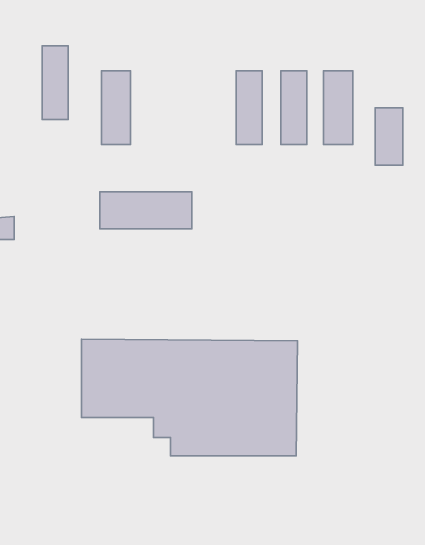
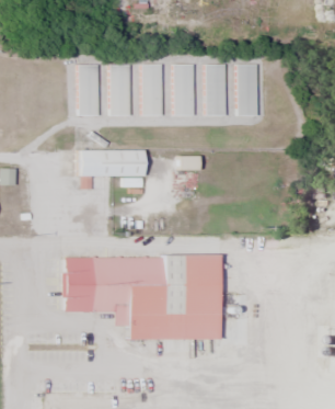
building: [42,46,68,120] -> [114,64,132,116]
building: none -> [145,64,164,116]
building: [375,108,403,165] -> none

